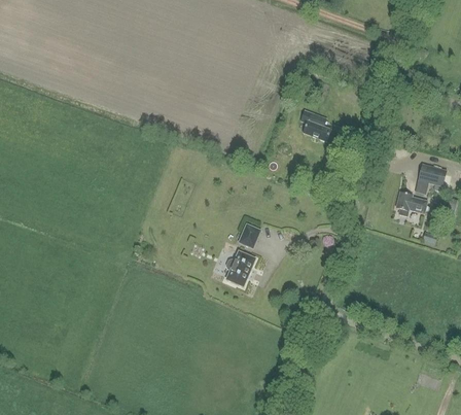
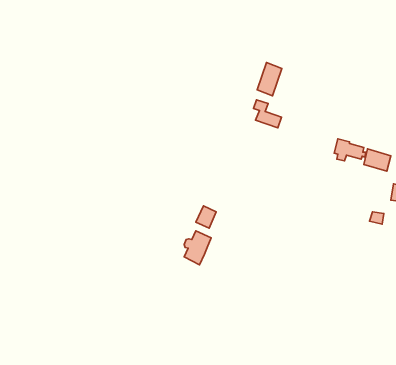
building: none -> [257,62,282,96]
building: [395,193,429,216] -> [334,139,366,161]

